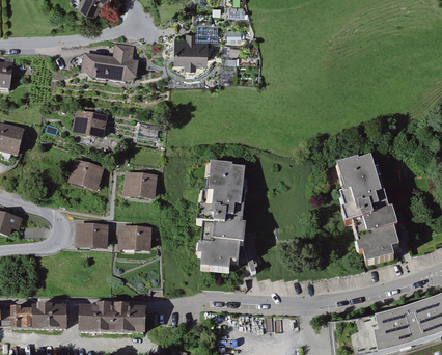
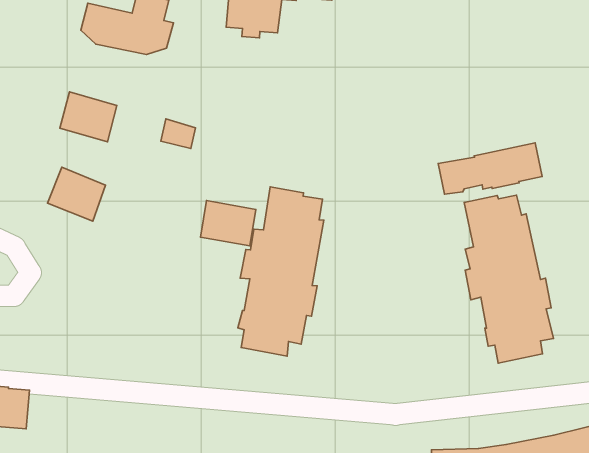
building: none -> [438,143,542,194]
building: [123,171,158,198] -> [200,201,256,246]
building: [76,222,110,249] -> none
building: [119,224,153,251] -> none
building: [79,301,145,331] -> none

